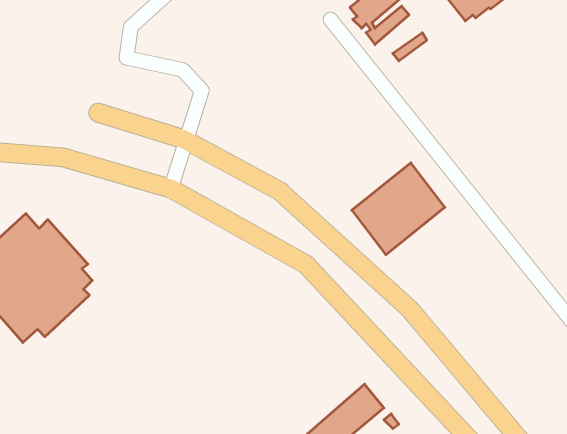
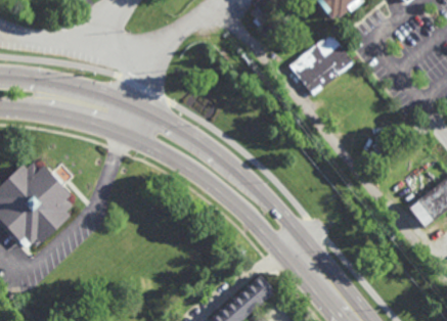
building: [352,163,445,255] -> [289,33,354,96]

